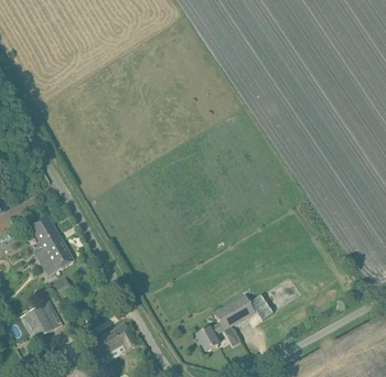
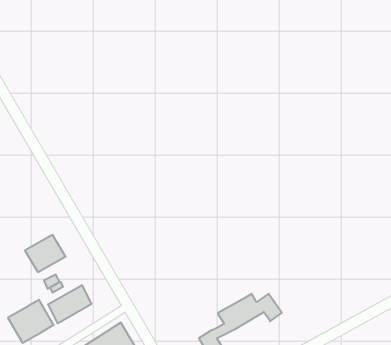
building: [30,215,62,255] -> none
building: none -> [48,285,91,323]

